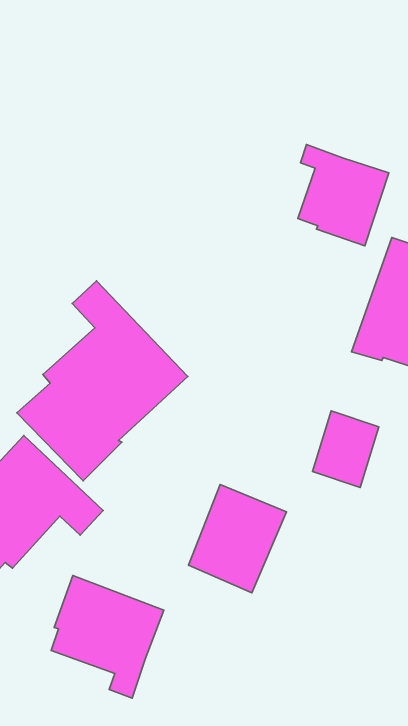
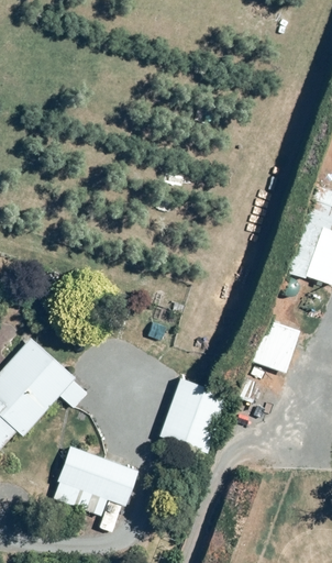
building: [298,145,389,246] -> none
building: [17,281,188,481] -> none

